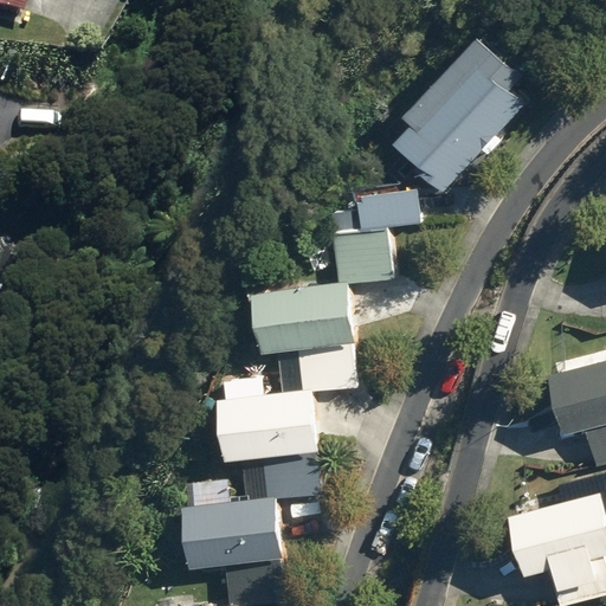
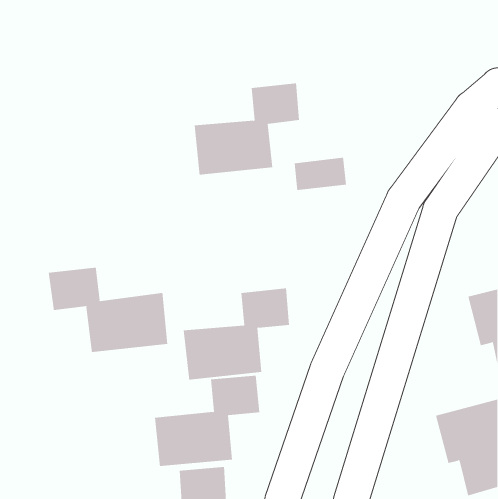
building: [391,64,518,193] -> none
building: [252,240,380,352] -> [194,83,300,175]
building: none -> [48,267,168,353]

